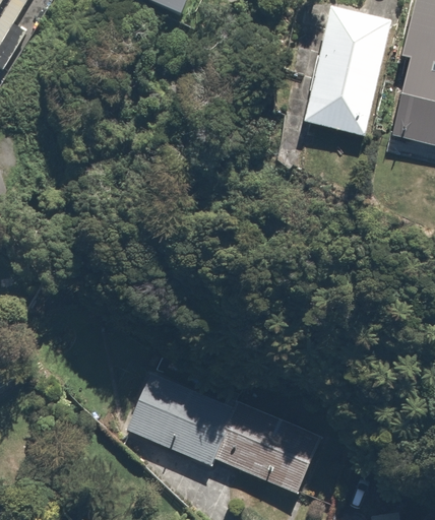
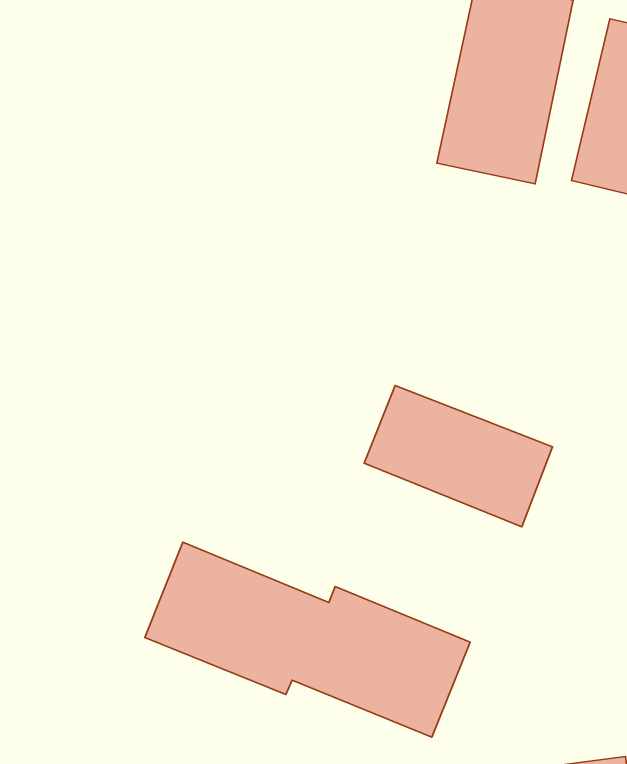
building: none -> [364,385,553,527]

